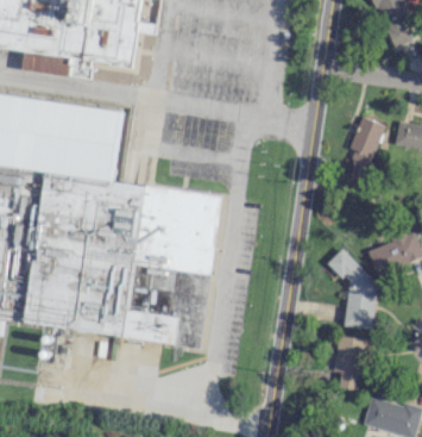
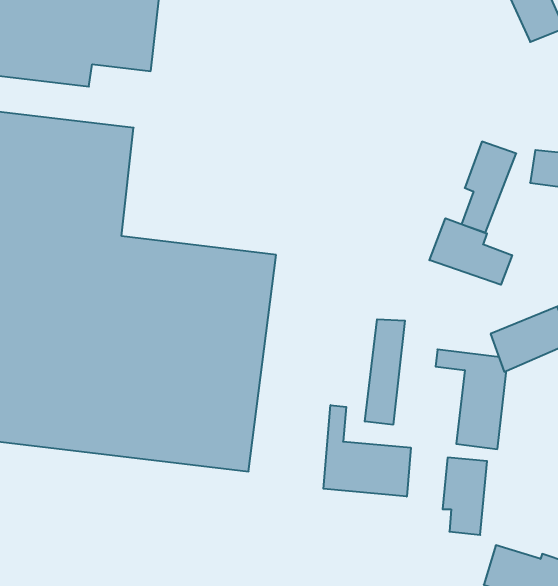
building: none -> [429,218,512,285]
building: none -> [365,319,405,425]
building: none -> [323,405,411,497]

